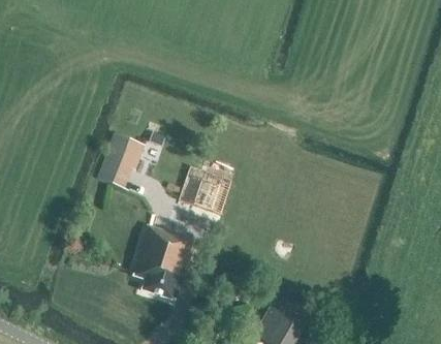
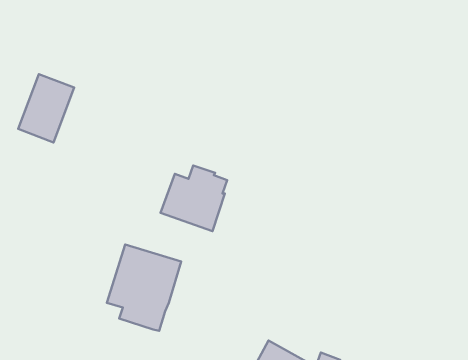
building: [96,132,144,190] -> [18,74,74,142]

